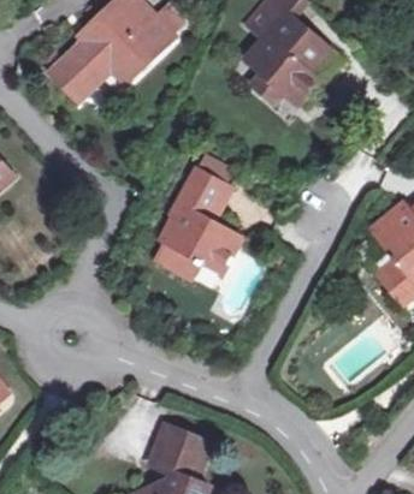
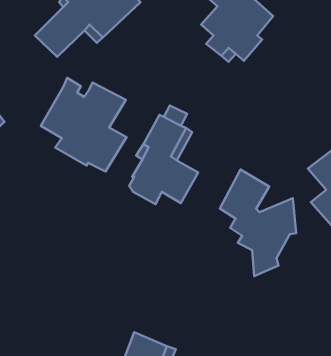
building: none -> [41,78,127,171]
building: none -> [220,169,296,276]

